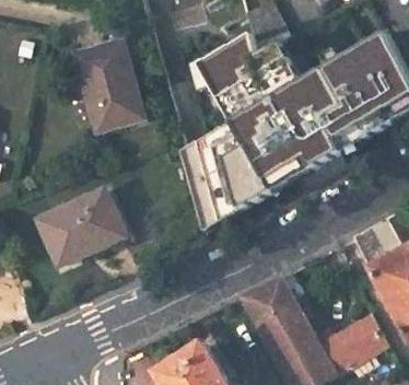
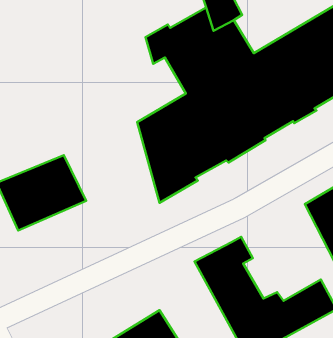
building: [71,43,140,132] -> none

